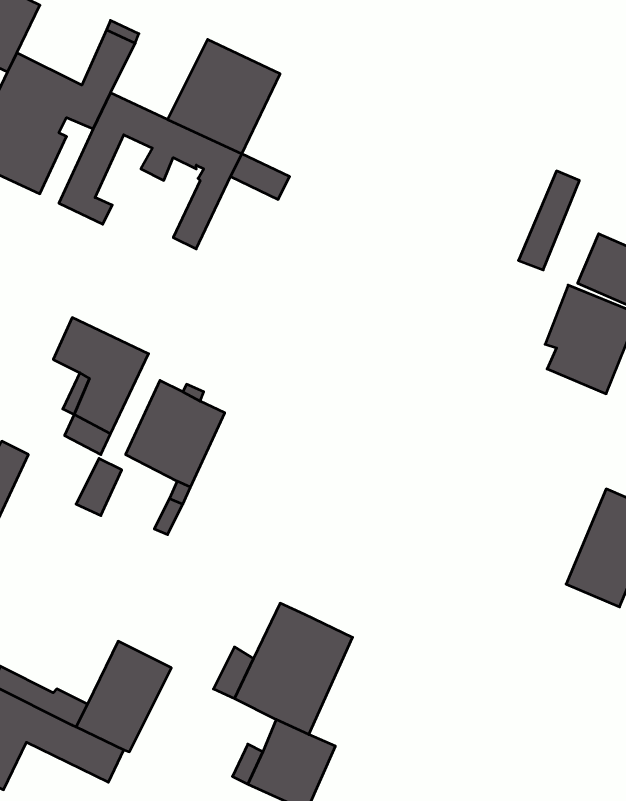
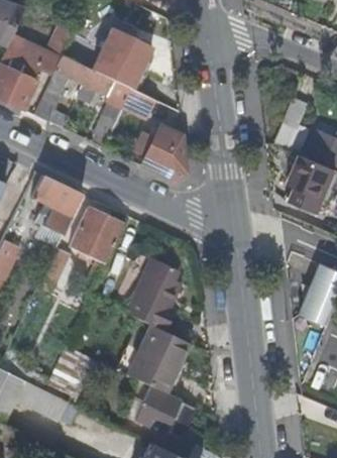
building: none -> [141,124,188,182]
building: none -> [124,259,180,332]

